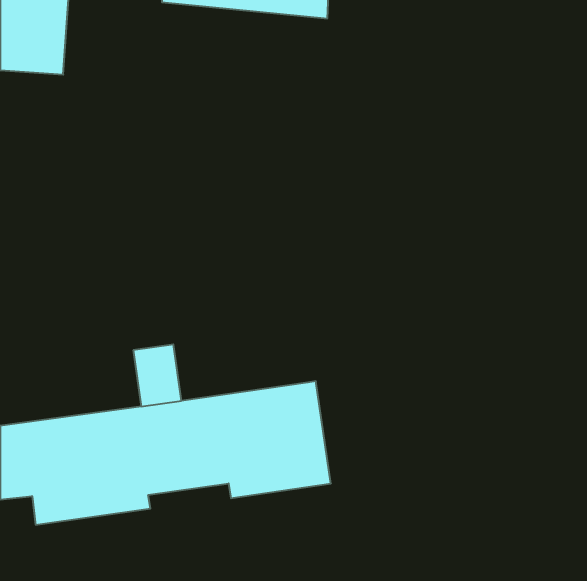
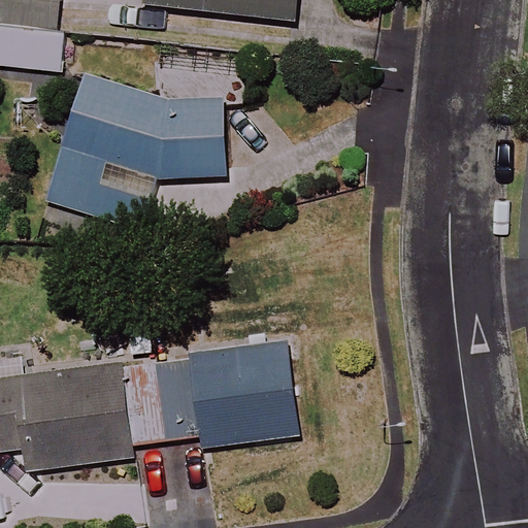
building: none -> [45,73,223,229]

